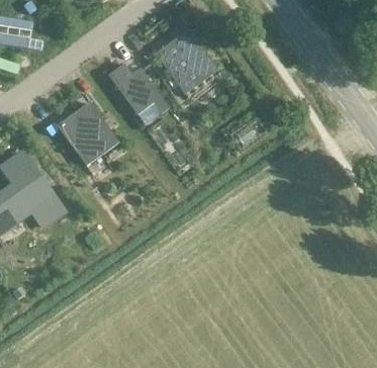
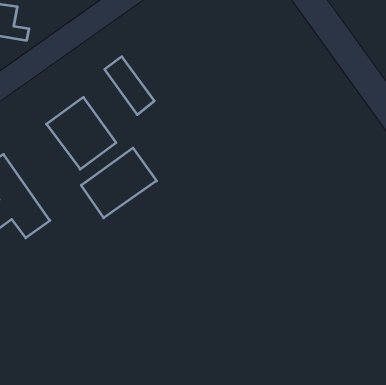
building: [156,30,215,92] -> none
building: none -> [81,148,157,218]

